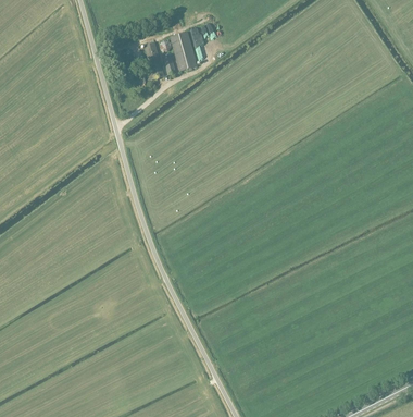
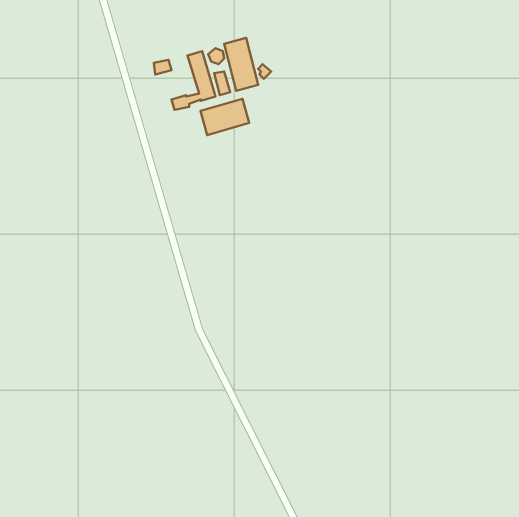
building: none -> [201,99,249,135]

